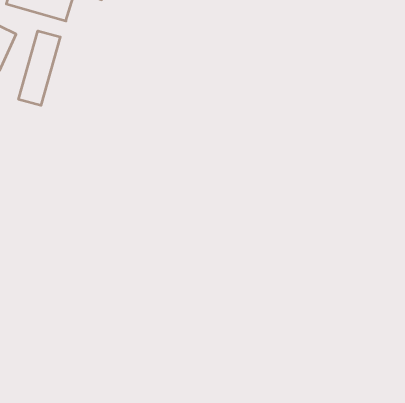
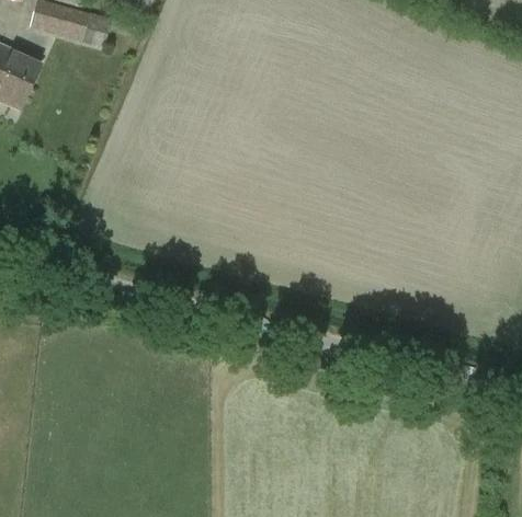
building: [19,31,60,105] -> none

